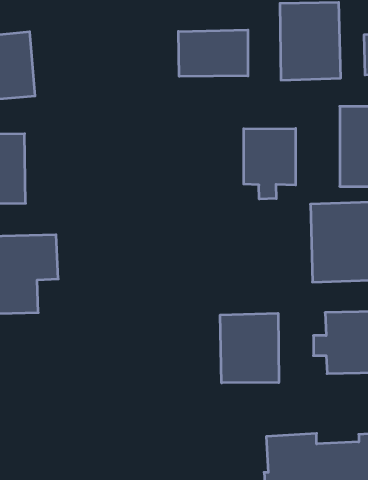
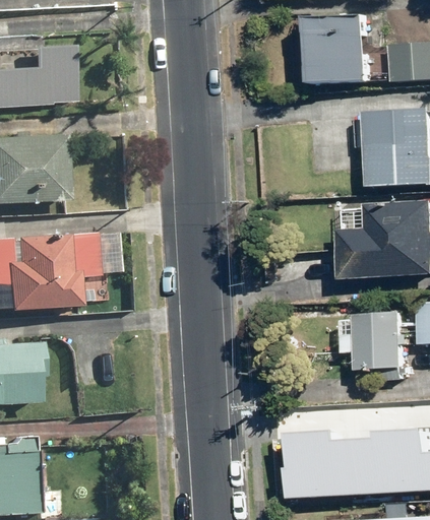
building: [178,30,248,76] -> none
building: [244,128,296,199] -> none
building: [220,313,279,383] -> none

